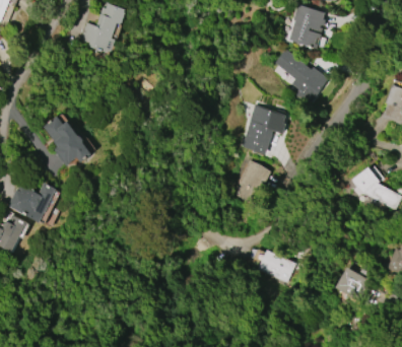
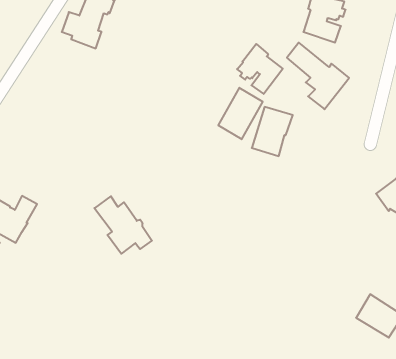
building: none -> [237,44,283,94]
building: [43,116,92,165] -> [94,196,152,254]
building: [230,159,269,204] -> [218,88,263,139]
building: [256,250,293,285] -> none

